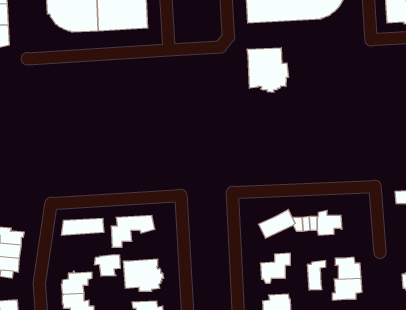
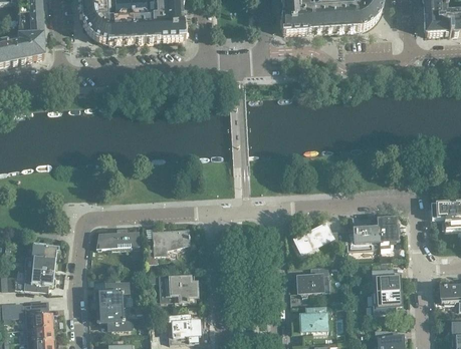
building: [247,48,289,92] -> none
building: none -> [378,218,400,245]
building: [94,255,120,276] -> none
building: [308,260,325,290] -> none

